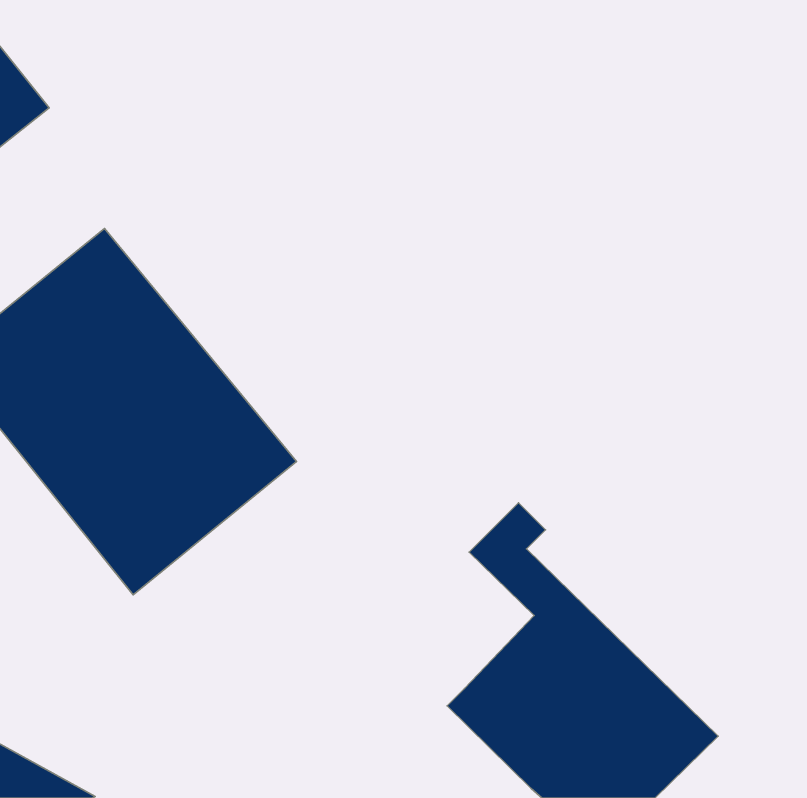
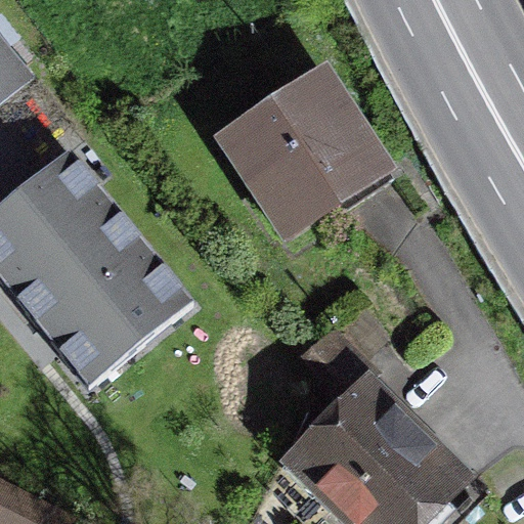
building: none -> [225,86,392,223]

